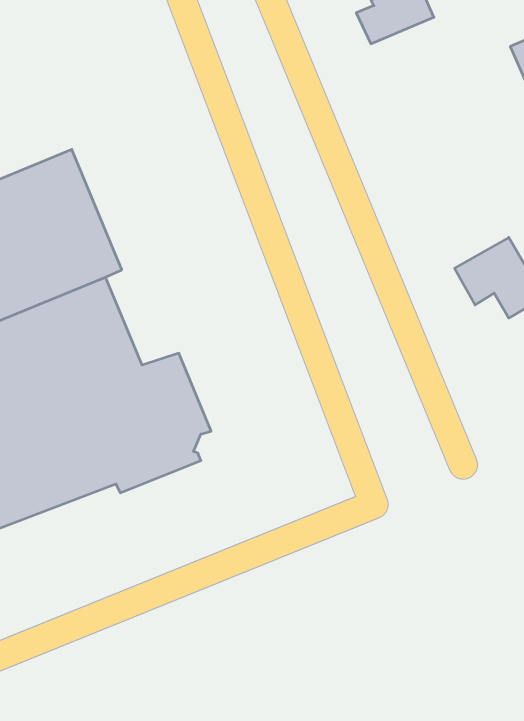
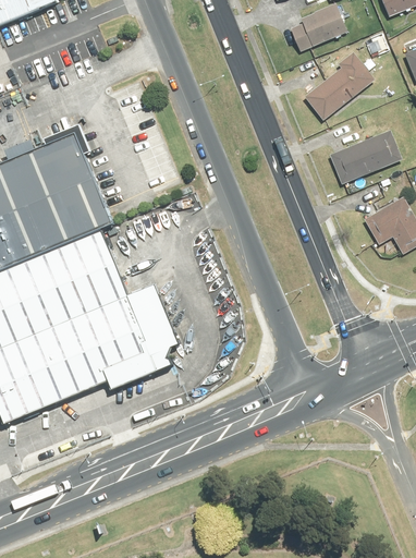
building: none -> [303,53,374,122]
building: none -> [329,131,401,185]

